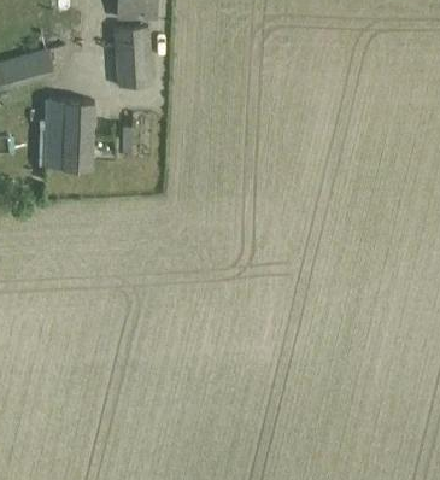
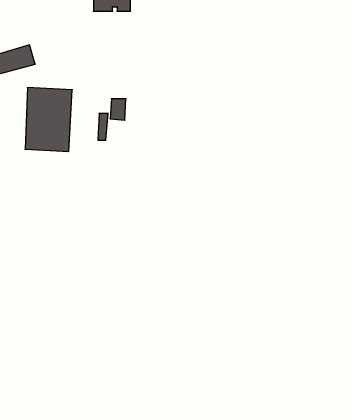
building: [115,25,151,84] -> none

